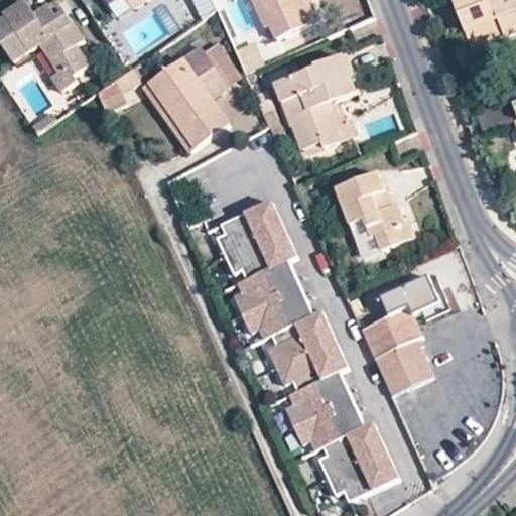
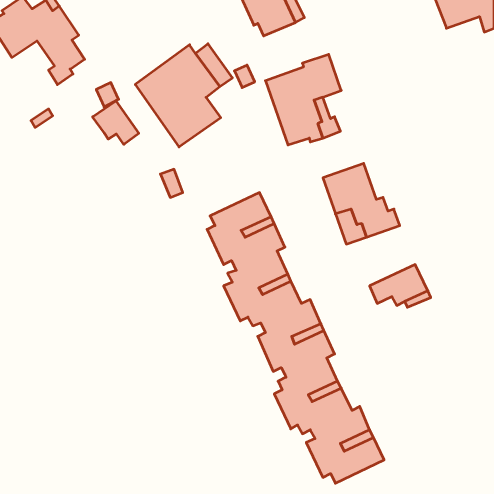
building: none -> [93,101,139,144]
building: [363,307,431,392] -> none

